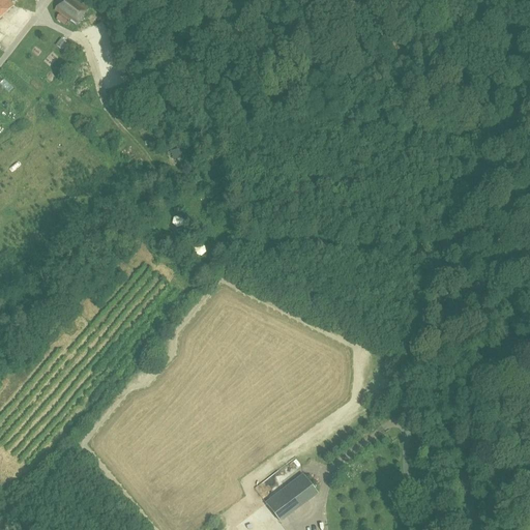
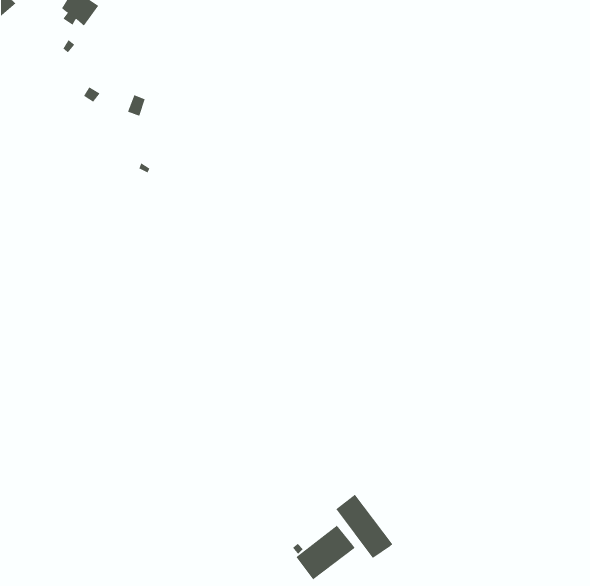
building: none -> [335,494,393,559]

